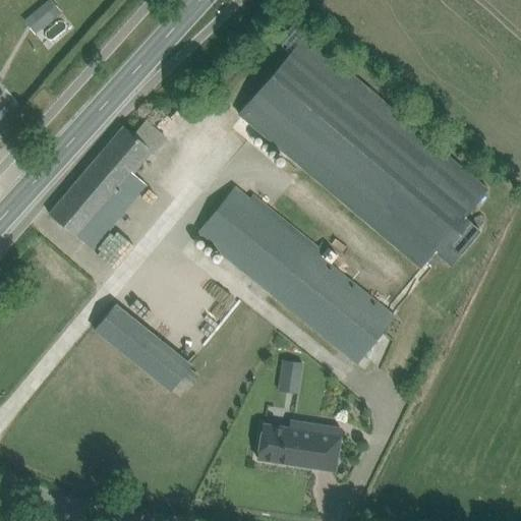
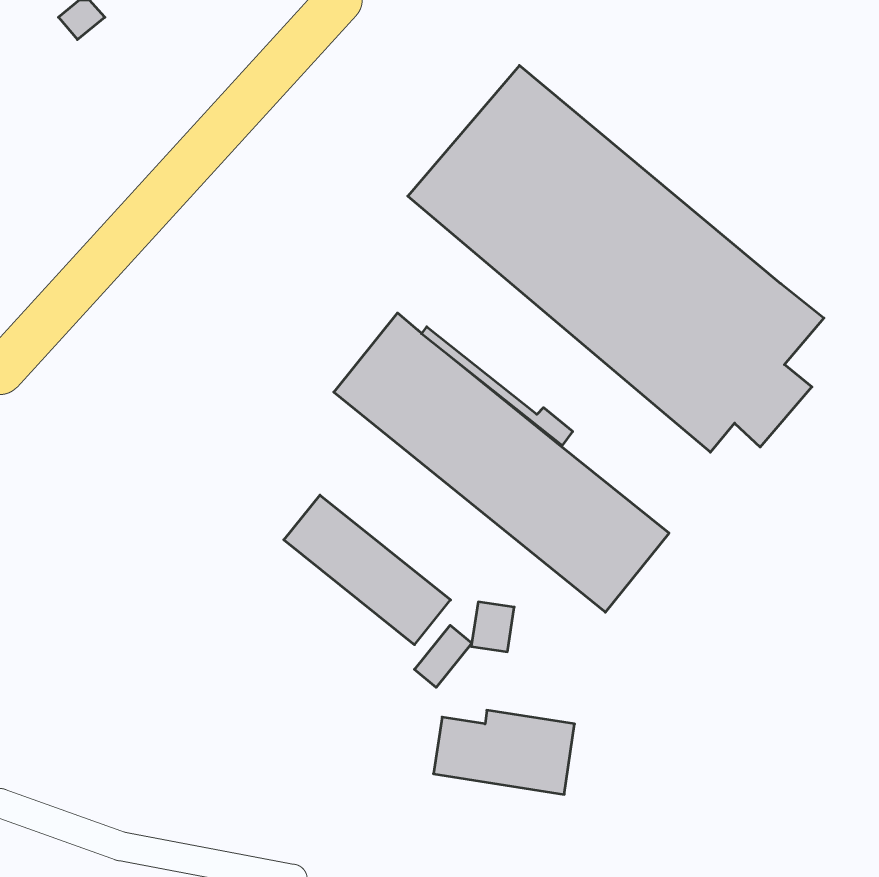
building: [49,121,166,250] -> none
building: [94,302,192,391] -> [284,495,451,645]
building: none -> [414,625,472,687]

